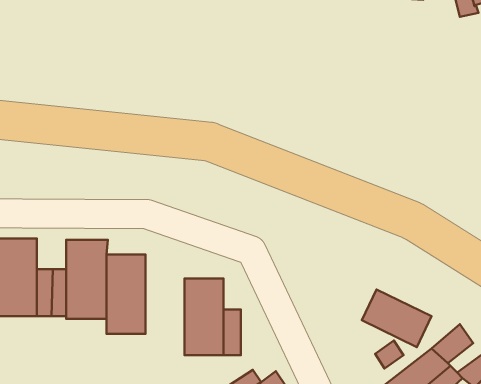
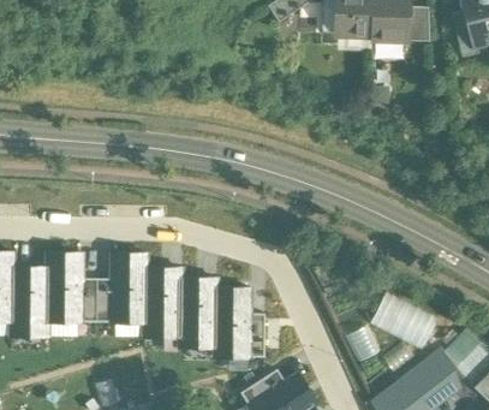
building: none -> [181,279,216,350]

